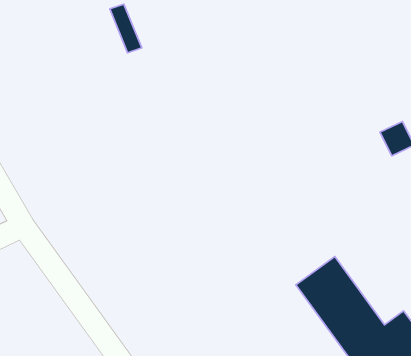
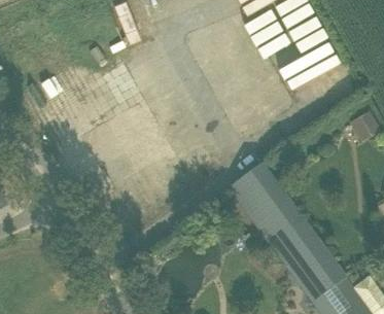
building: none -> [228,161,309,250]

